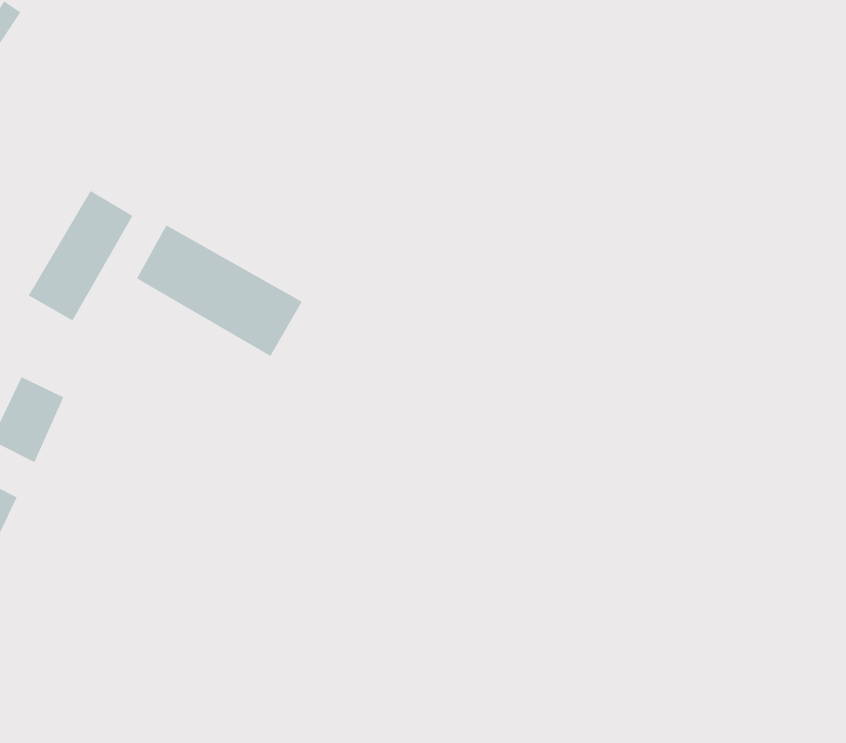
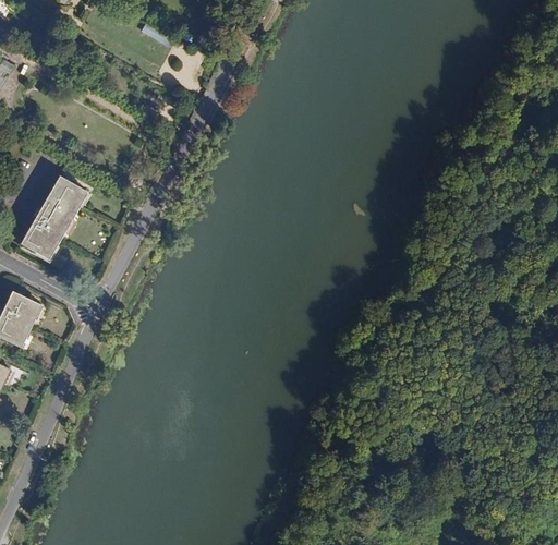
building: [136,225,302,357] -> none

